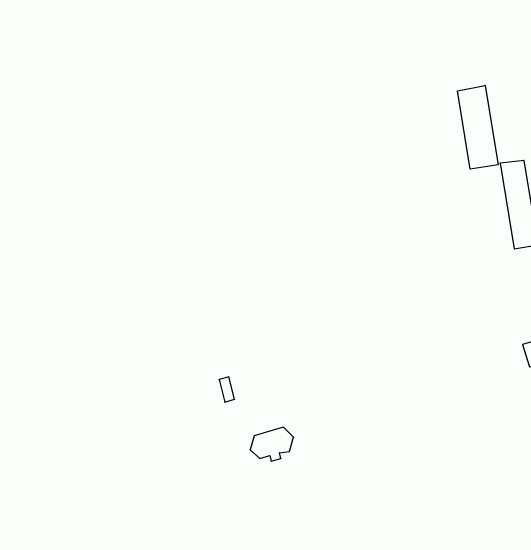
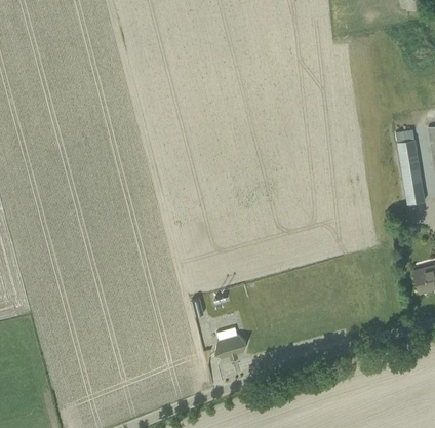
building: [458,85,498,169] -> none

